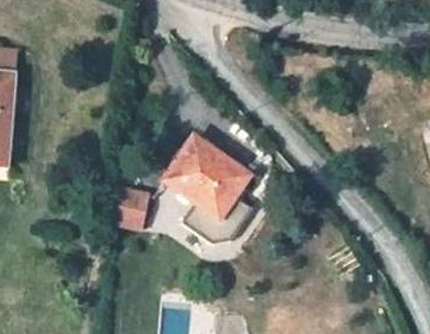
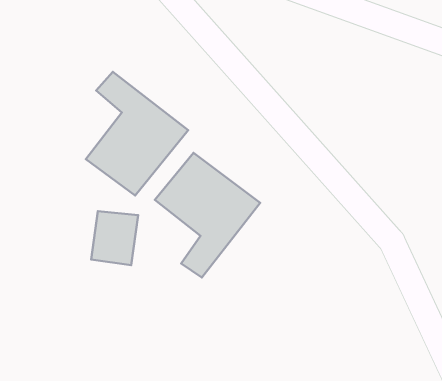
building: none -> [86,72,188,195]

